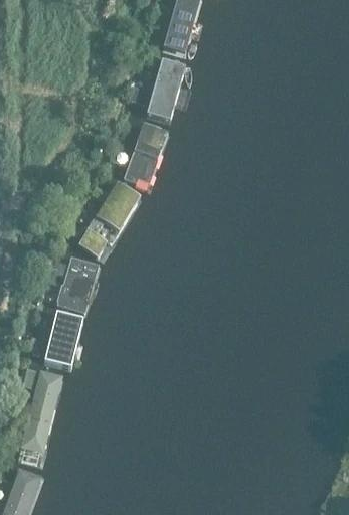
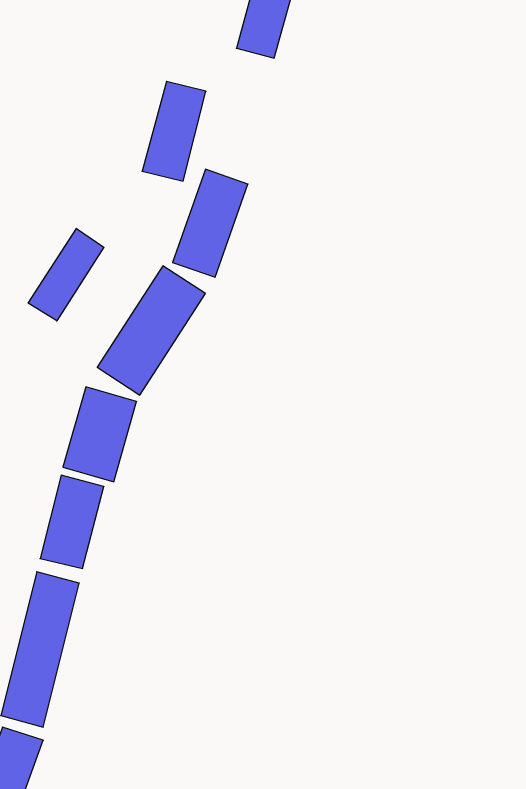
building: [146,59,185,121] -> [142,81,206,181]
building: none -> [28,228,104,321]

